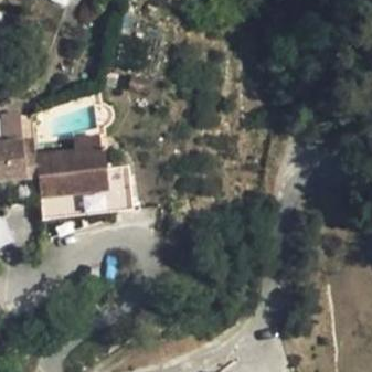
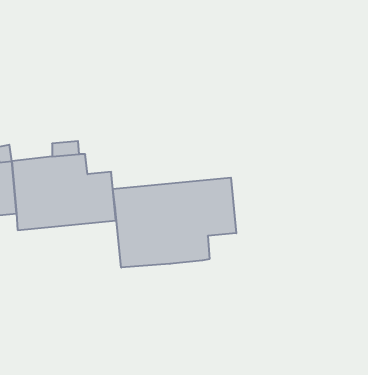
building: none -> [113,178,236,268]

